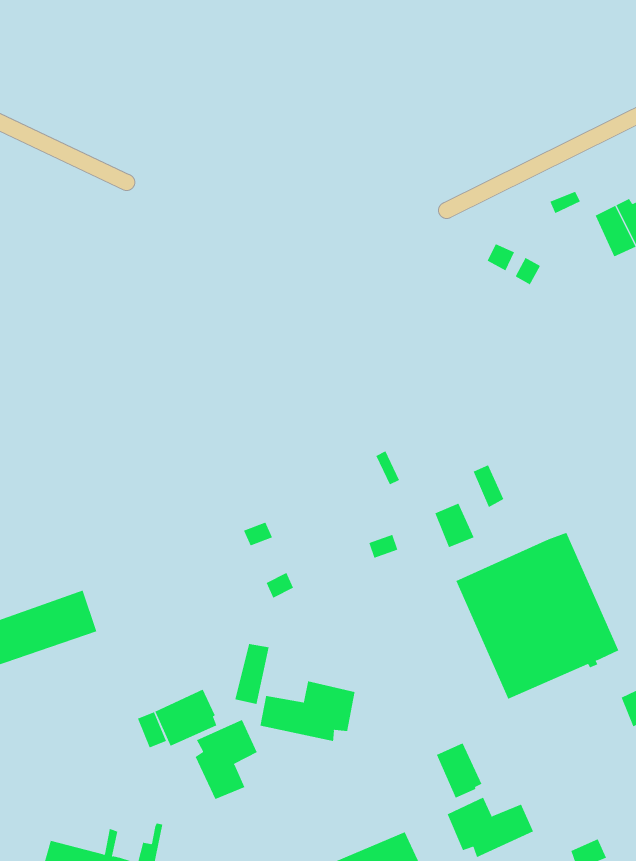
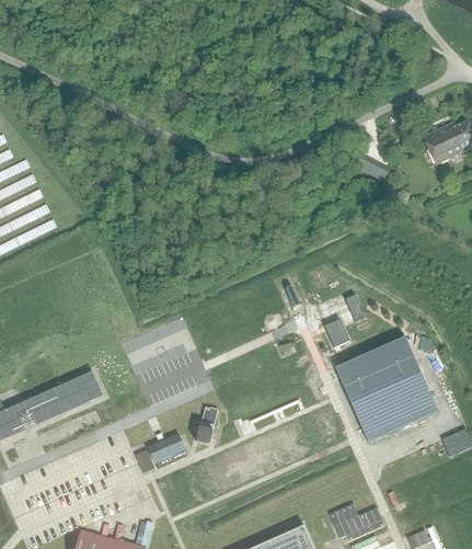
building: [260,681,355,742] -> none
building: [195,719,257,800] -> none
building: [436,742,482,799] -> none

